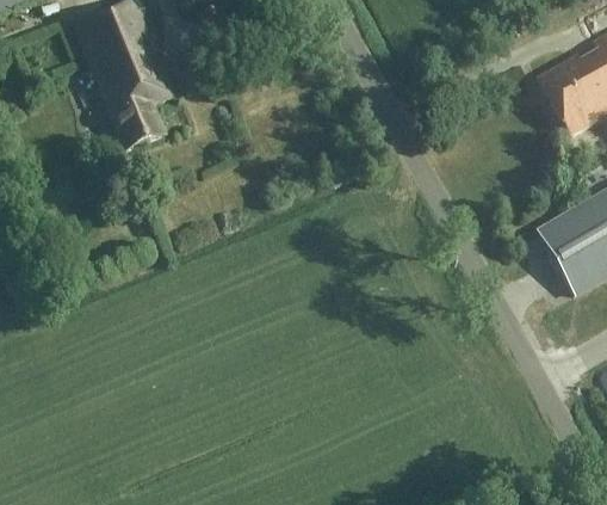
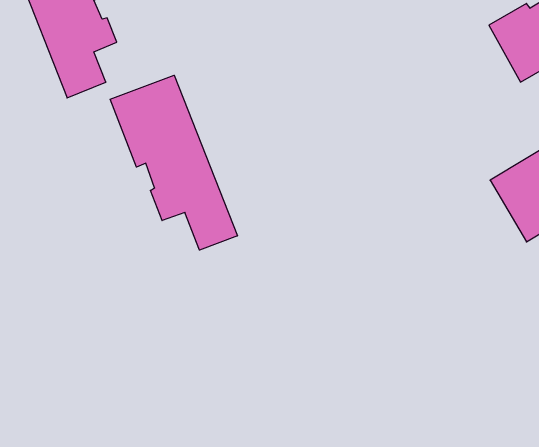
building: none -> [110,75,237,250]

